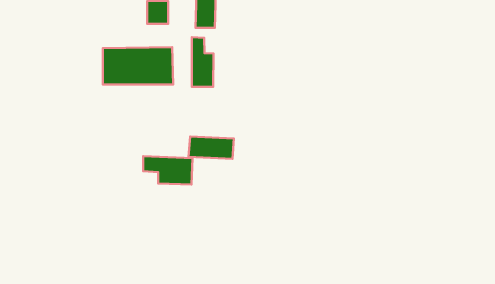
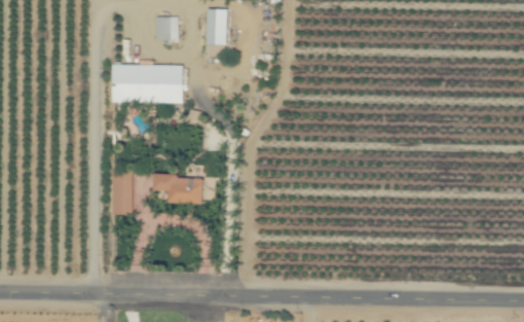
building: [192,37,213,87] -> none
building: [189,137,234,159] -> none

